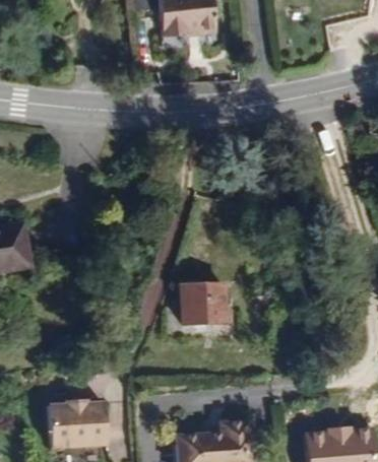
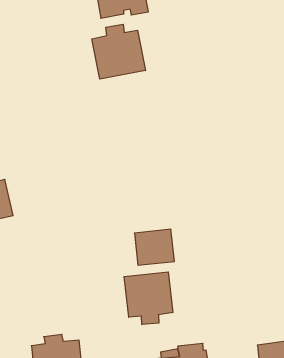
building: none -> [92,24,145,79]
building: none -> [124,272,173,325]

